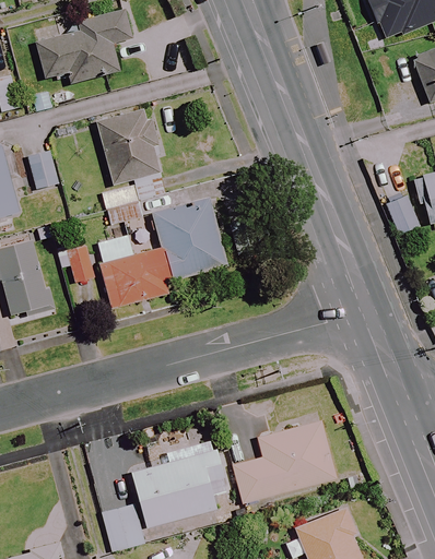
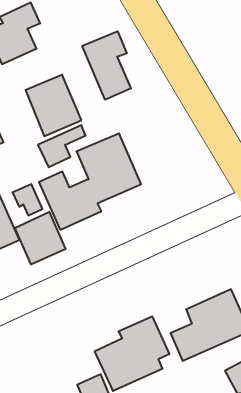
building: none -> [82,31,131,100]
building: none -> [15,212,65,264]

